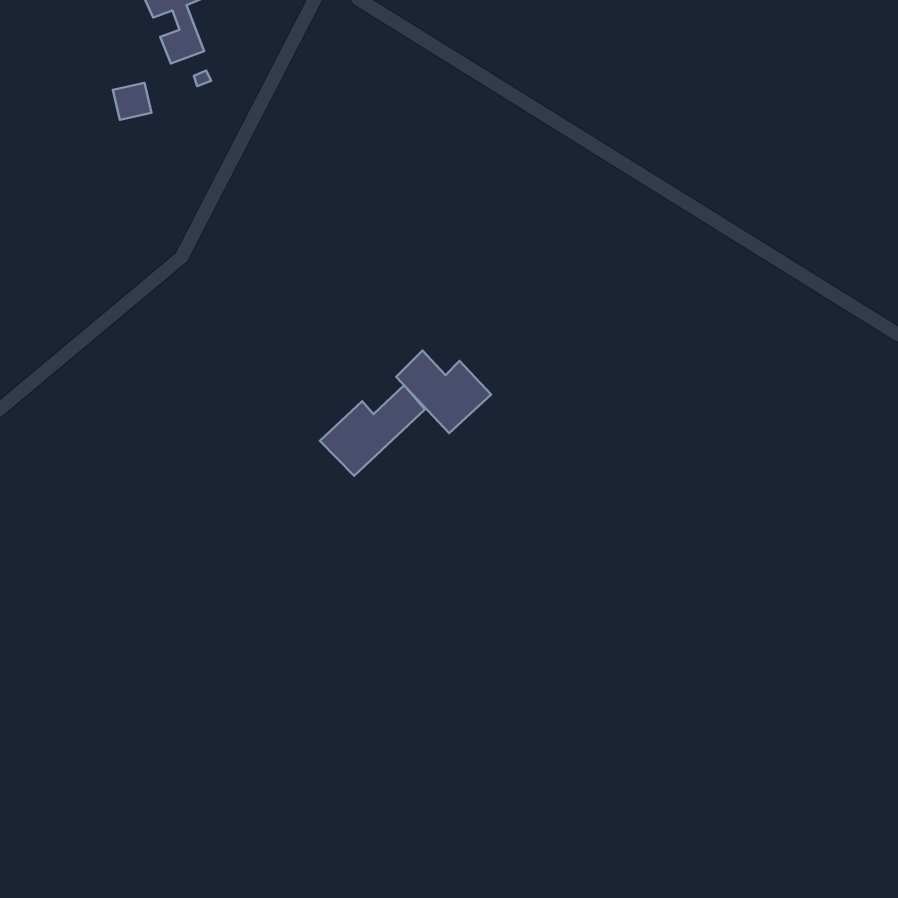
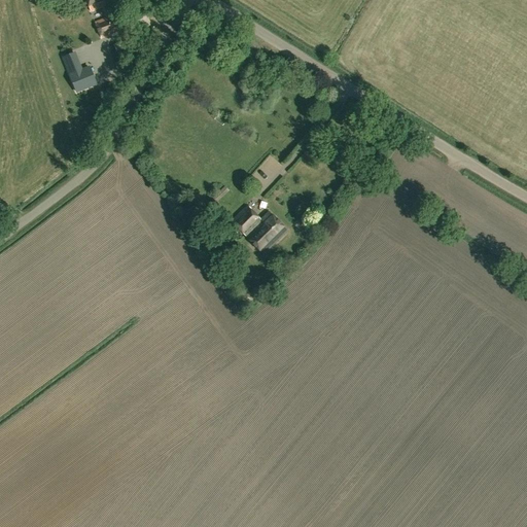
building: none -> [69,67,95,92]
building: [320,385,425,476] -> none

